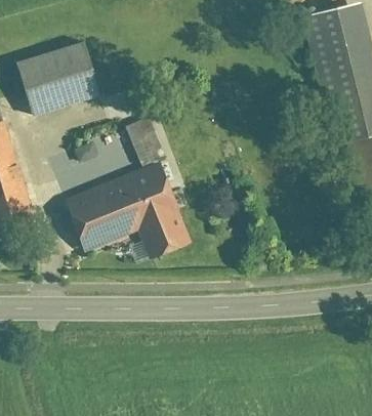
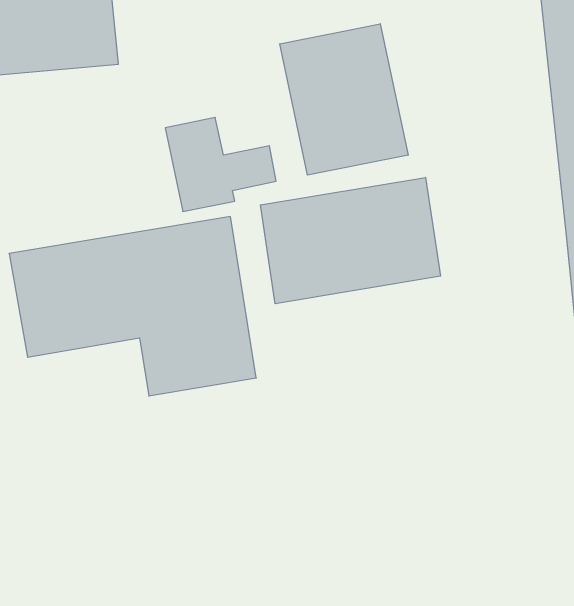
building: none -> [280,24,408,175]
building: none -> [260,177,441,304]

